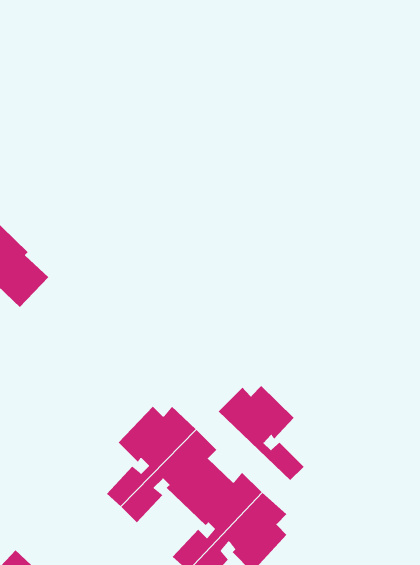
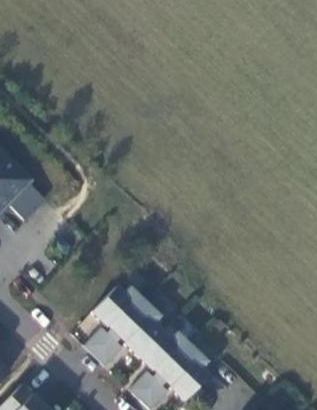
building: [218,385,305,481] -> none

